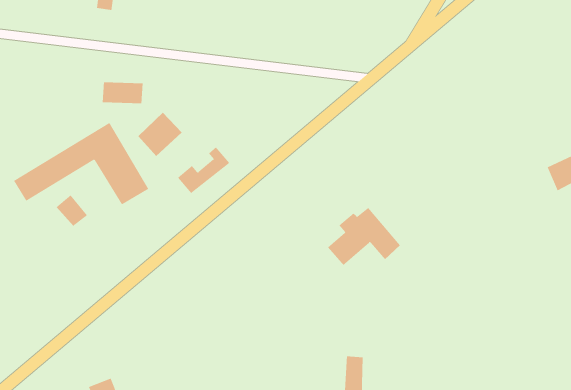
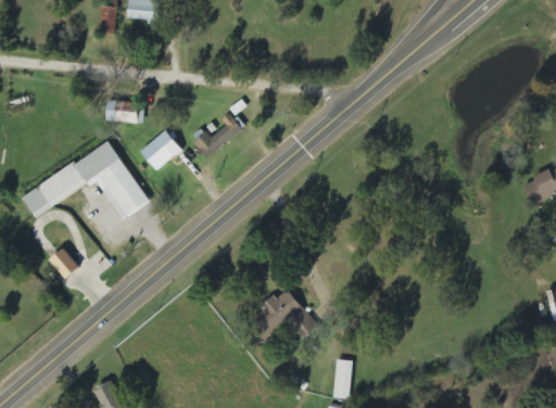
building: [177,147,230,194] -> [192,113,242,157]
building: [56,194,88,227] -> [48,247,78,278]
building: [327,207,401,266] -> [248,289,317,344]

